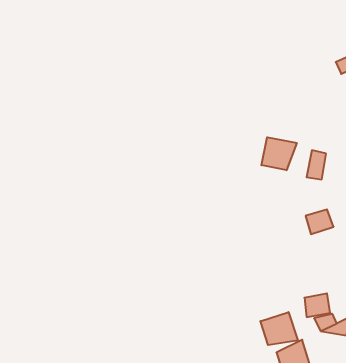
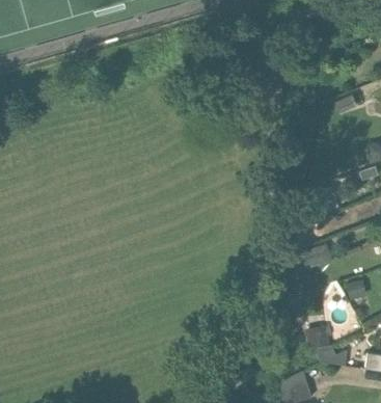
building: [261,137,297,170] -> none
building: [260,312,298,345] -> none

